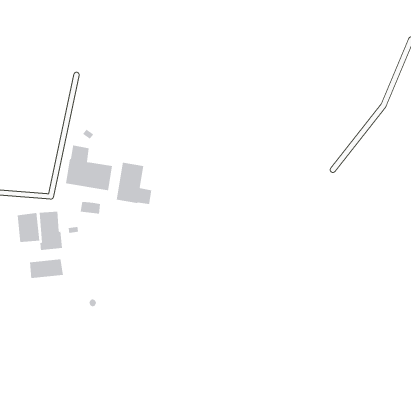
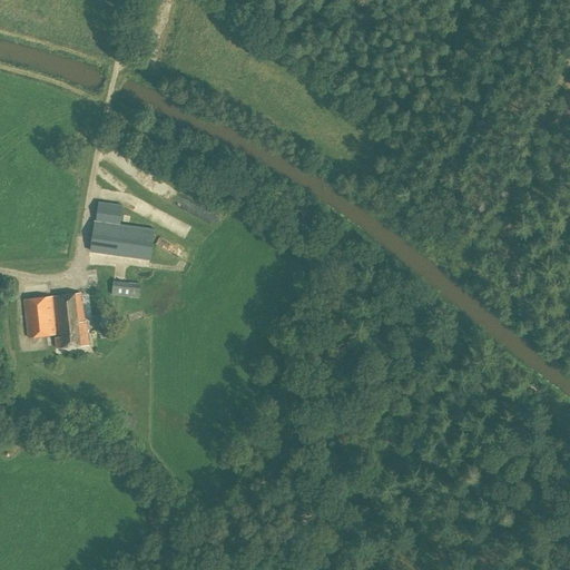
building: [116,162,152,205] -> none
building: [29,258,63,279] -> none

